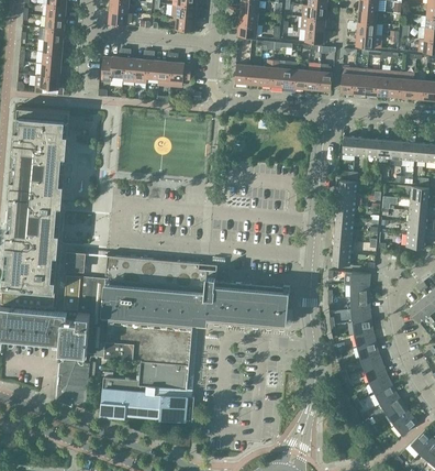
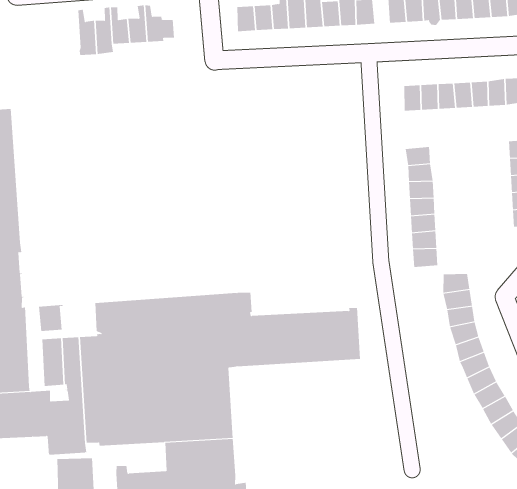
building: [100,50,124,83] -> none

